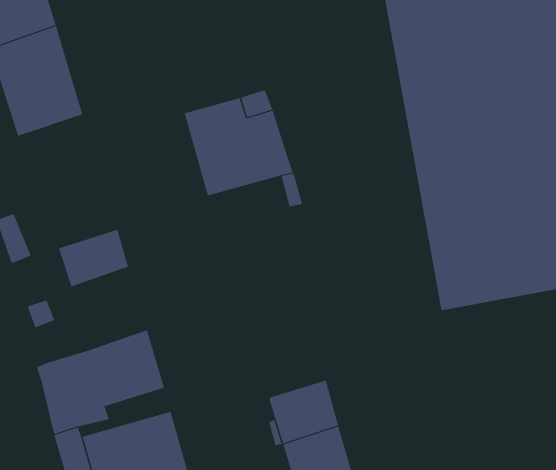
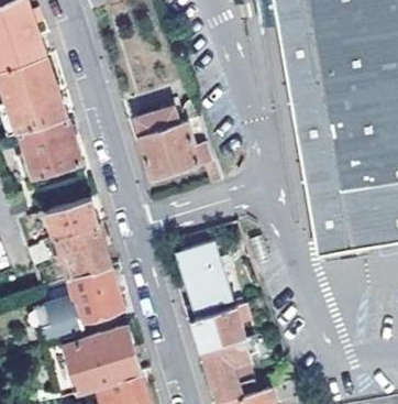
building: none -> [19,119,79,183]
building: none -> [56,226,110,284]
building: none -> [180,240,235,317]

